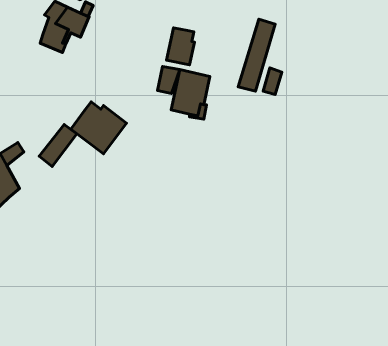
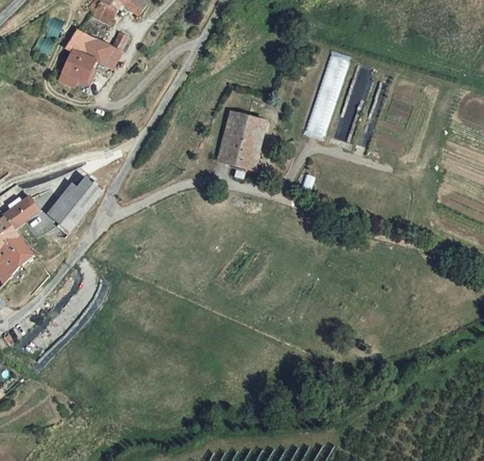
building: [167,28,194,65] -> none
building: [157,66,180,94] -> none
building: [71,102,126,154] -> none

